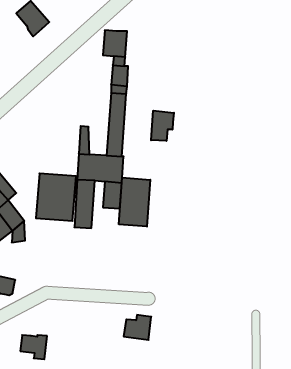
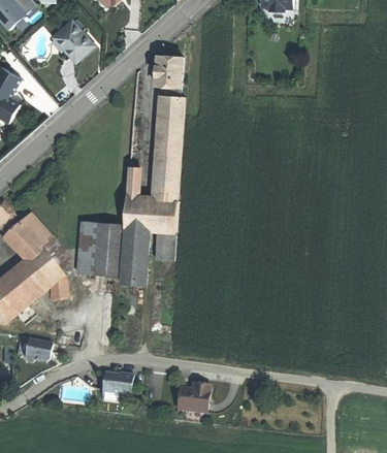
building: [151,111,174,141] -> none
building: [119,178,150,227] -> none
building: [20,335,47,359] -> [101,373,132,400]

